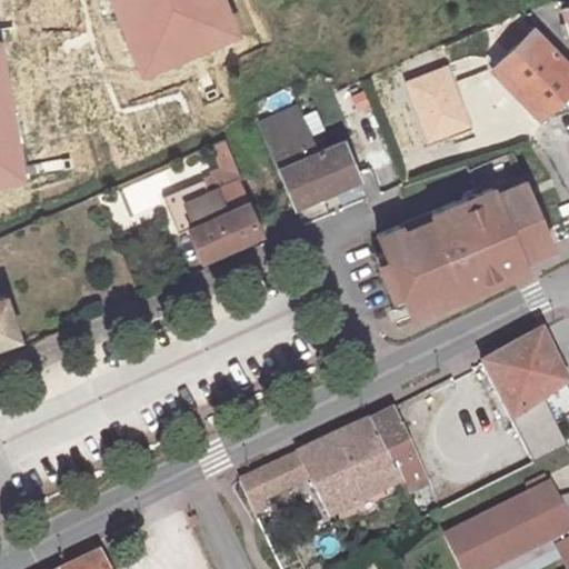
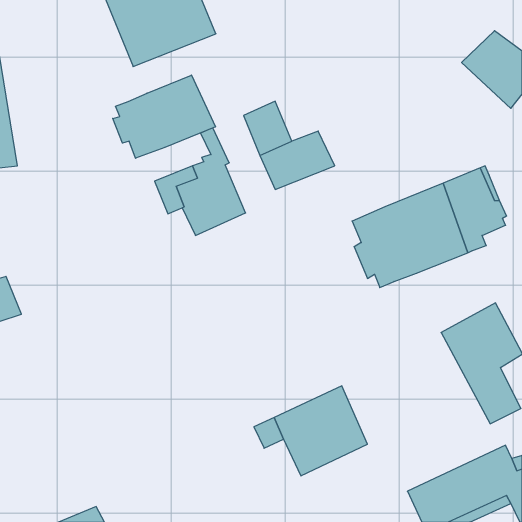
building: [407,68,468,140] -> none
building: none -> [113,75,215,158]
building: [371,409,425,493] -> none
building: [236,463,287,507] -> none

